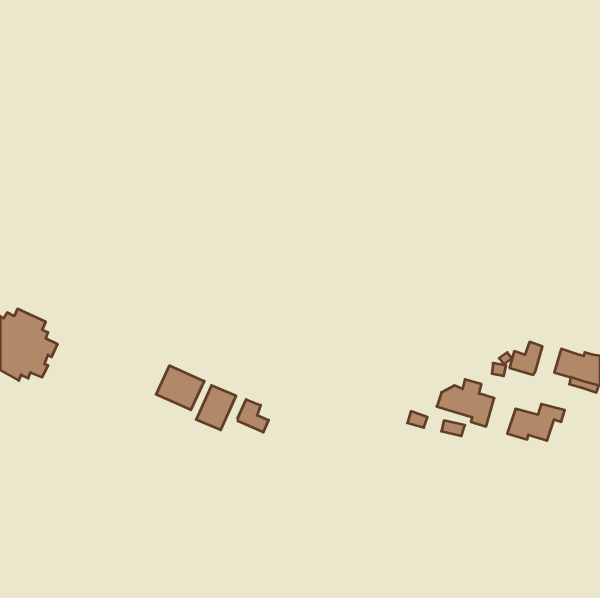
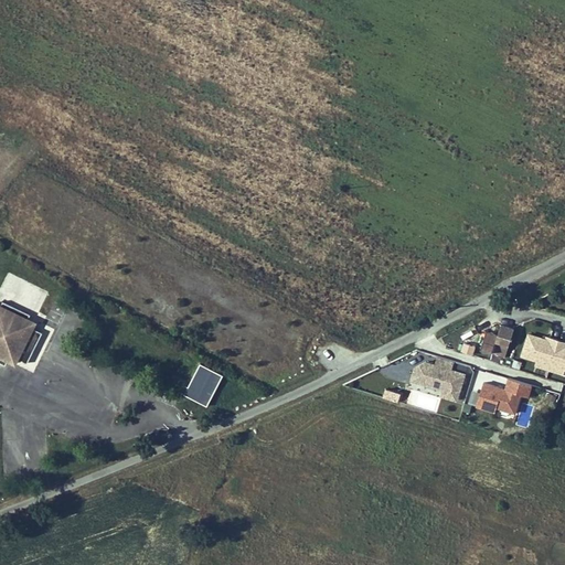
building: [156,366,204,410] -> none
building: [238,399,269,432] -> none

